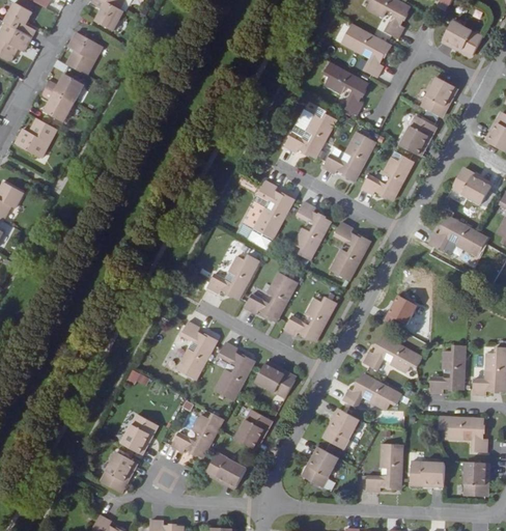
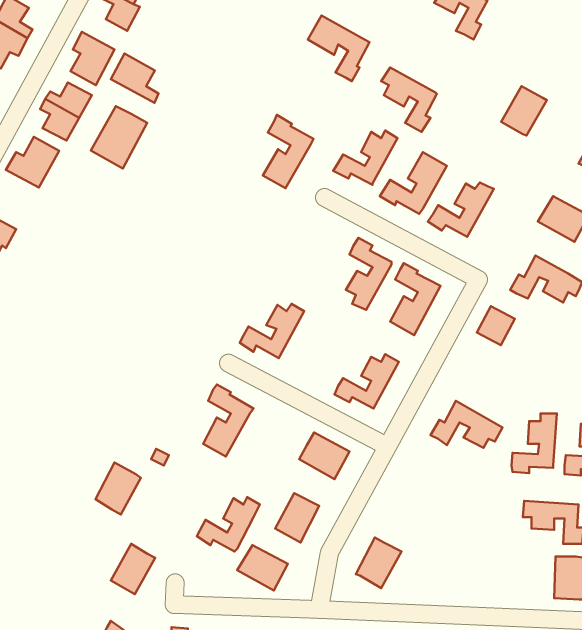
building: [442,19,482,56] -> none
building: [340,22,391,76] -> [308,16,370,81]
building: none -> [111,54,159,103]
building: none -> [91,106,147,168]
building: [399,114,437,156] -> none
building: [253,178,294,239] -> [263,115,313,188]
building: [244,271,298,322] -> none
building: [385,294,416,326] -> [477,306,515,345]
building: [214,341,255,400] -> none
building: [343,372,402,410] -> none
building: [322,408,360,449] -> none
building: [121,413,159,455] -> [95,463,141,514]
building: [366,444,403,492] -> none
building: [411,462,446,487] -> none

